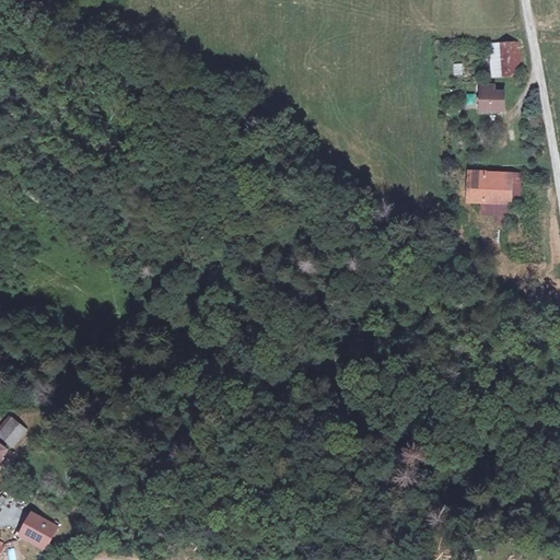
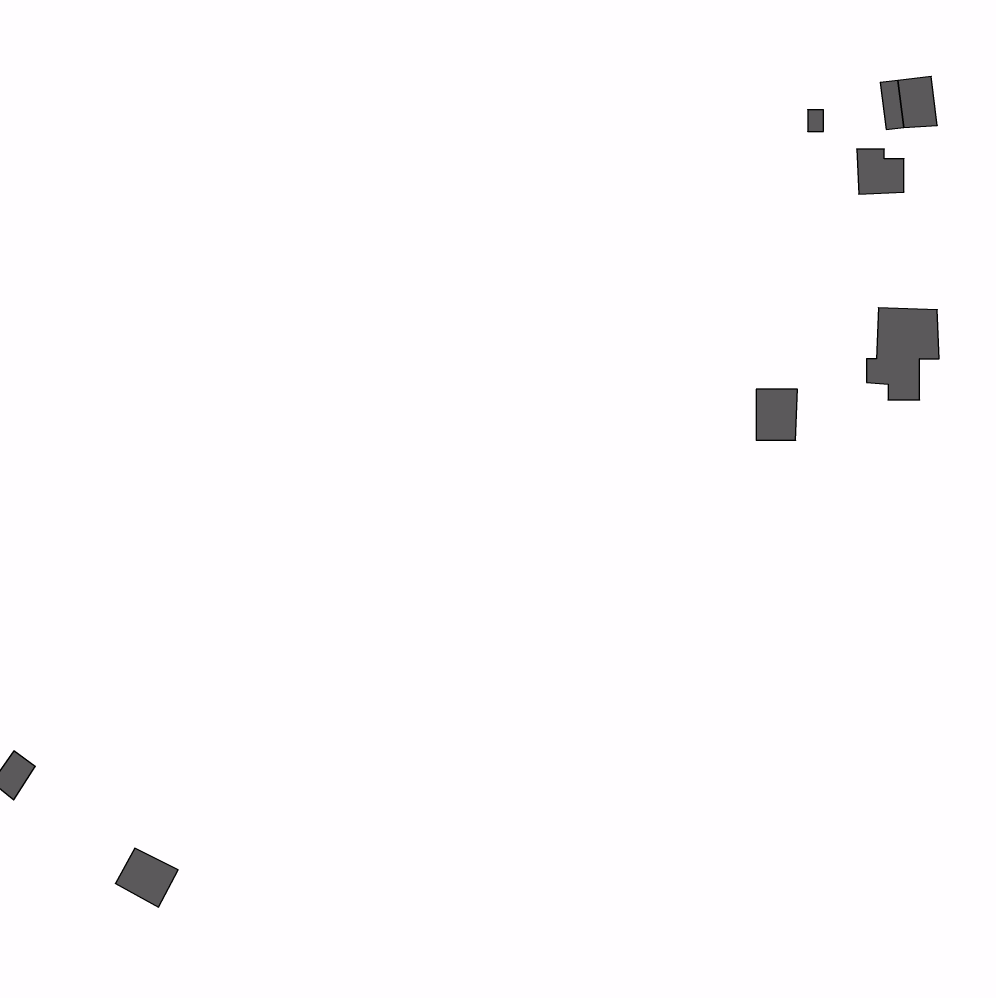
building: [467,172,490,200] -> [756,389,797,440]
building: [18,514,52,547] -> [115,848,178,907]

